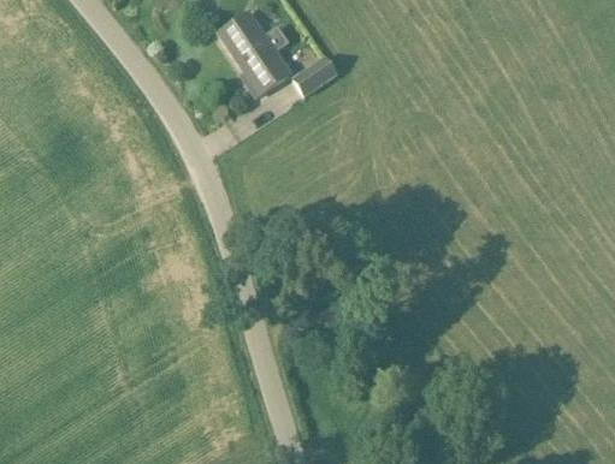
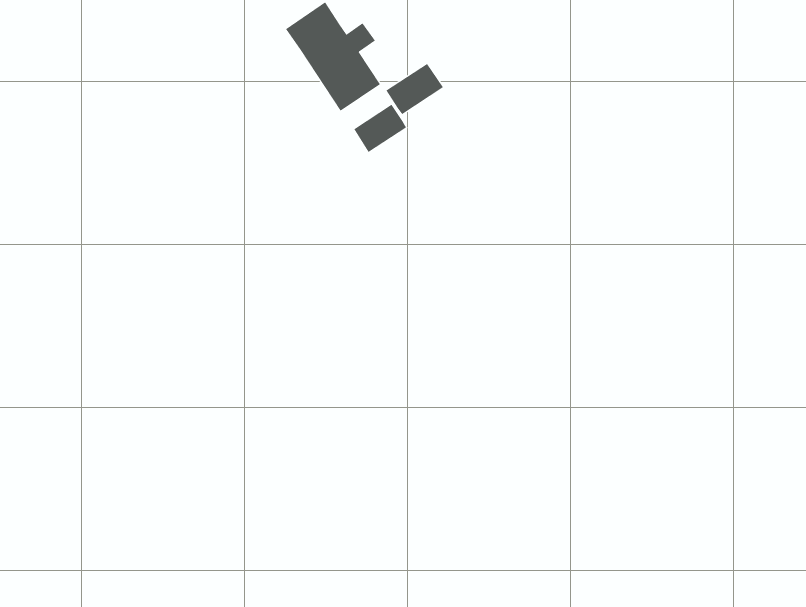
building: none -> [353,104,407,153]

